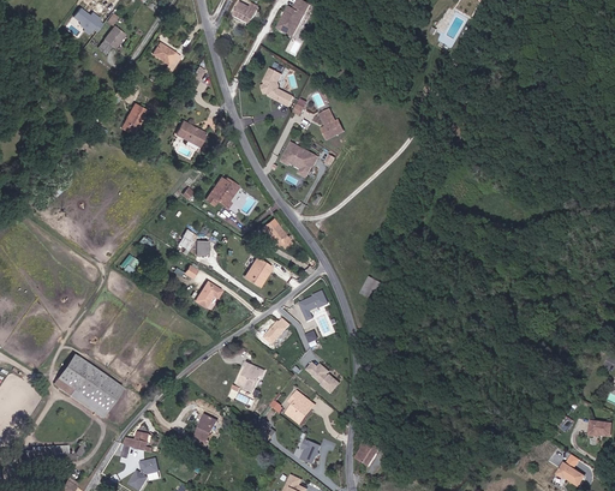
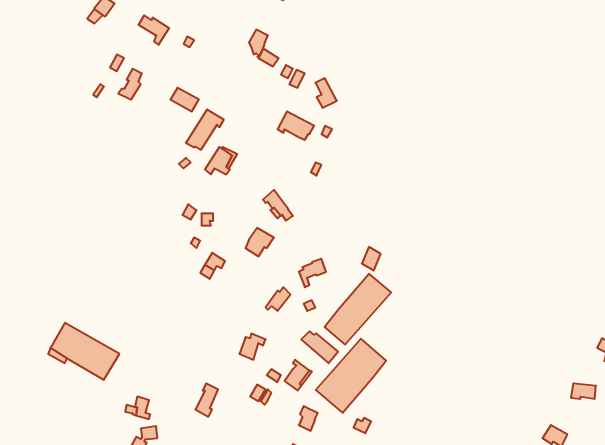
building: none -> [186,109,224,150]
building: none -> [325,274,391,345]
building: none -> [316,339,386,413]

